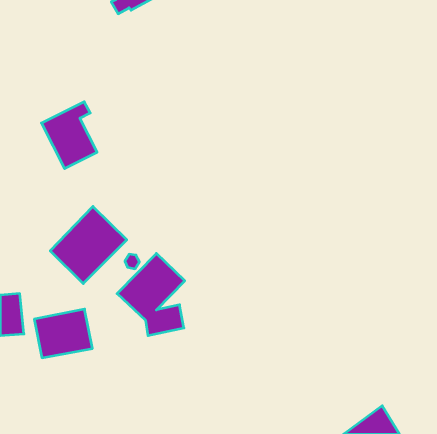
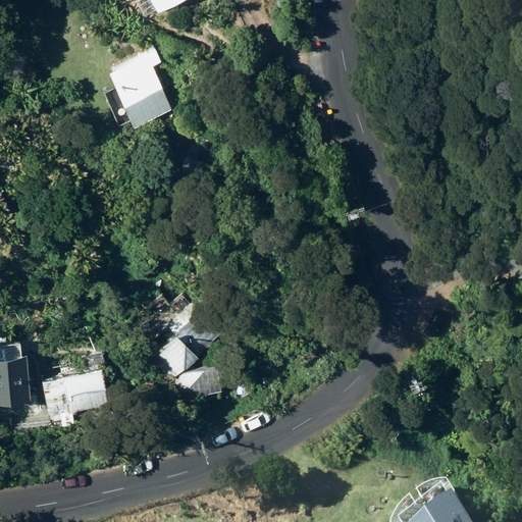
building: [41,102,97,169] -> [104,48,170,127]
building: [50,206,127,284] -> none

